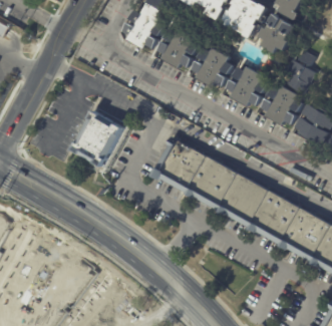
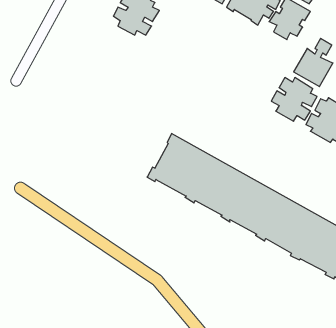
building: [158,28,201,68] -> none
building: [193,47,234,87] -> none
building: [228,67,269,106] -> none
building: [68,111,118,168] -> none

